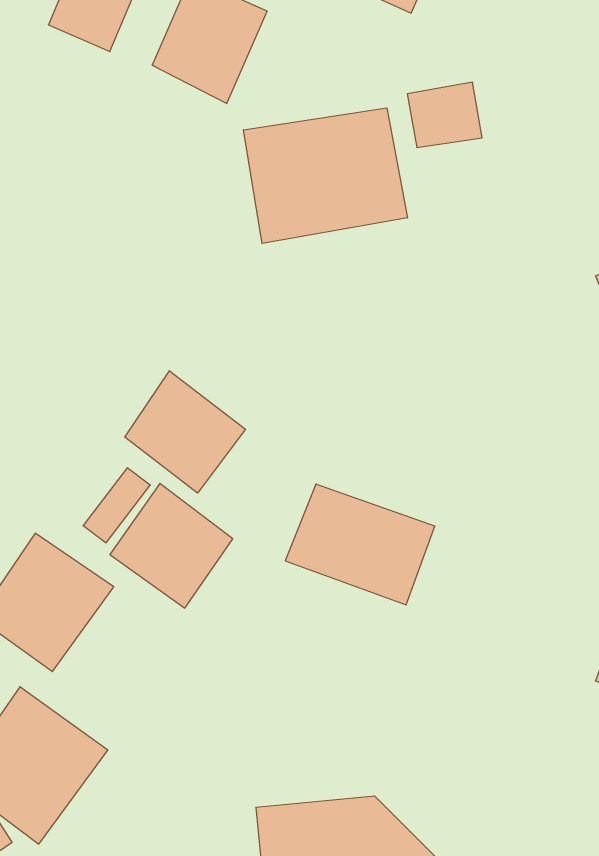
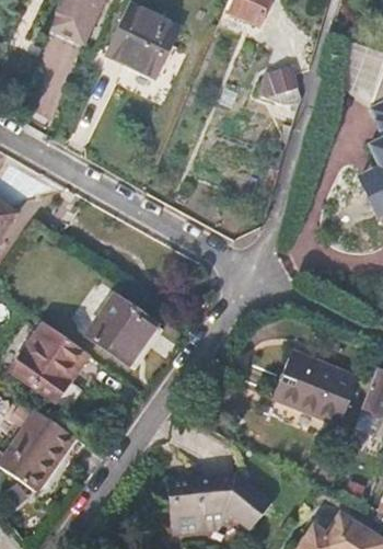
building: [244,108,407,244] -> none
building: [125,371,245,493] -> none
building: [285,484,435,605] -> [268,353,353,422]

